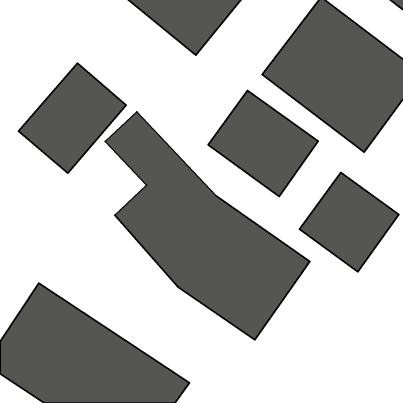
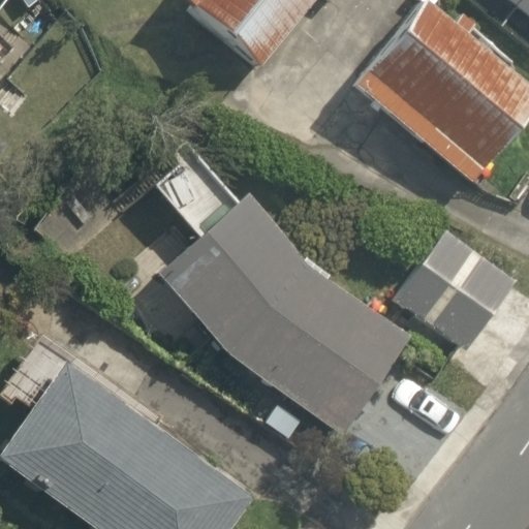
building: [18,63,126,173] -> none
building: [208,90,318,196] -> none

